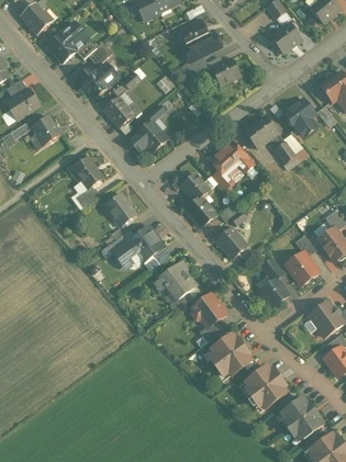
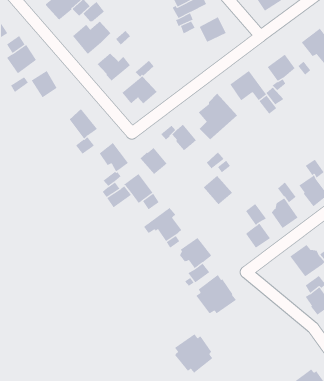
building: [187,196,216,226] -> [140,147,167,175]
building: [245,365,287,408] -> [174,333,213,374]
building: [281,396,323,439] -> none

